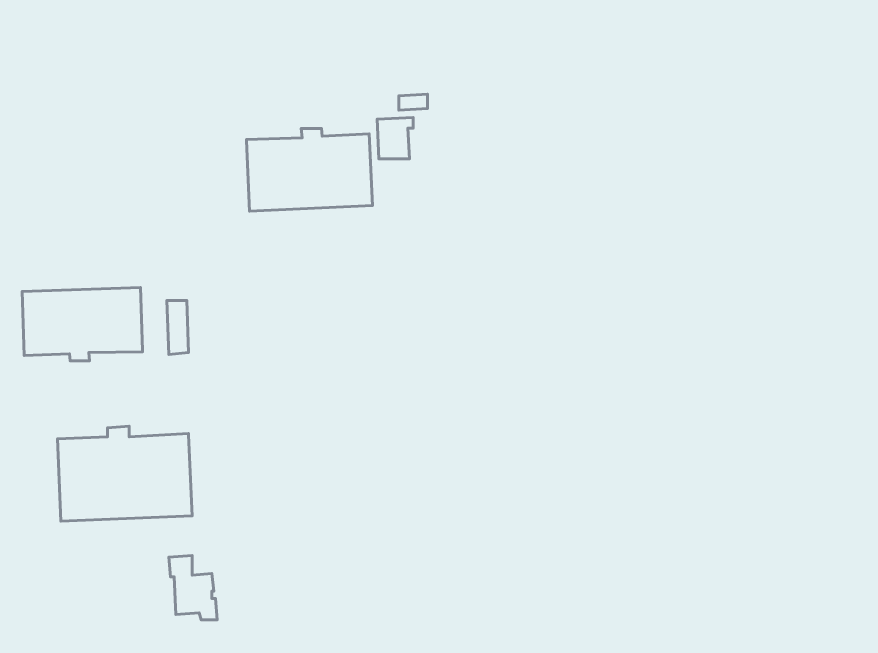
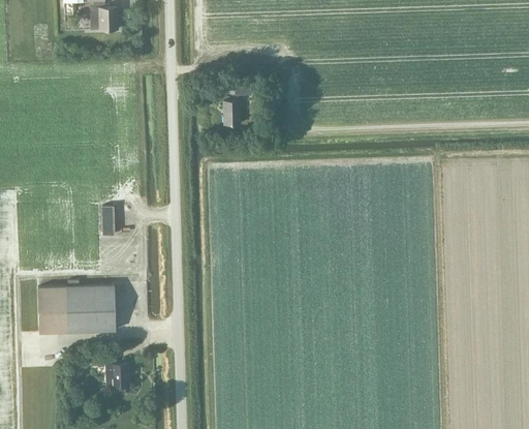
building: [247,128,372,211] -> none
building: [22,288,142,361] -> none

